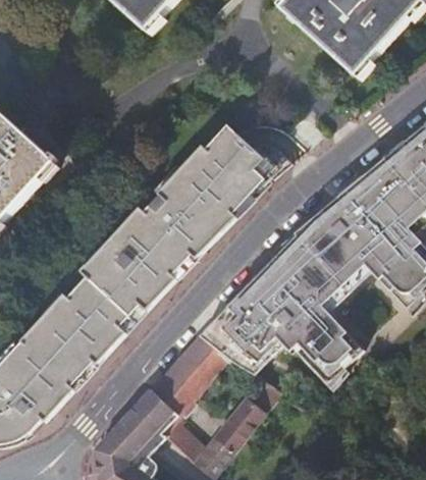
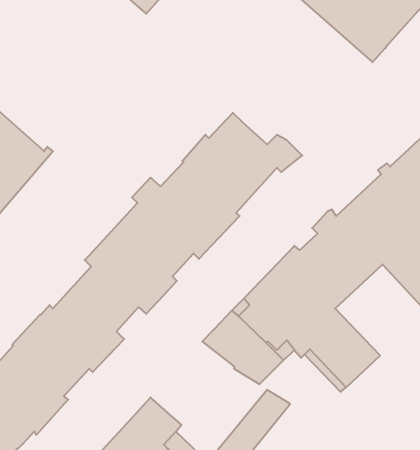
building: [151,335,228,414] -> none

